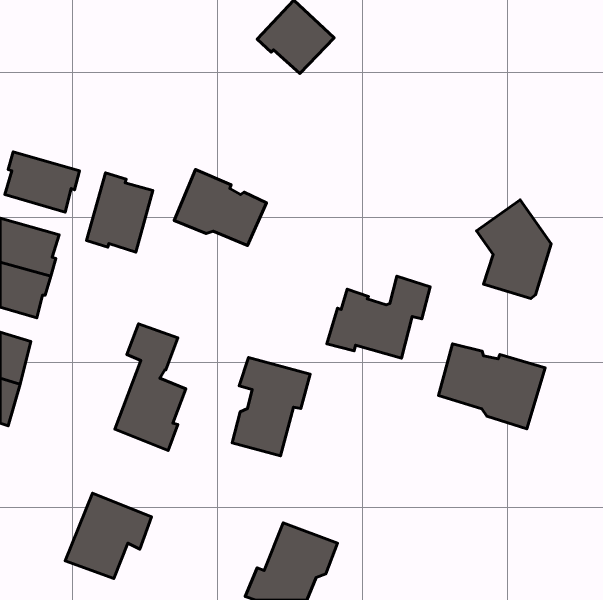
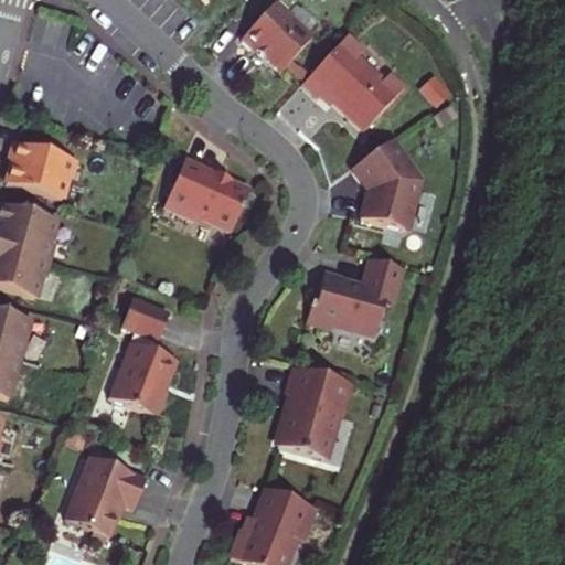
building: none -> [302,33,404,128]
building: [86,173,153,252] -> none
building: [476,200,551,298] -> [353,137,423,228]
building: [438,344,545,429] -> none
building: [232,357,310,456] -> [279,365,352,457]

